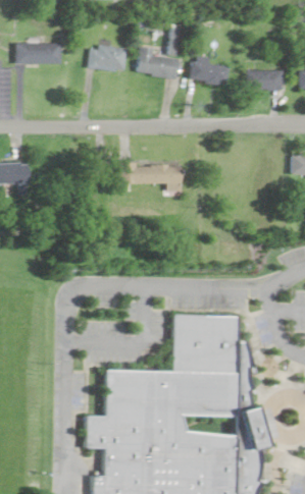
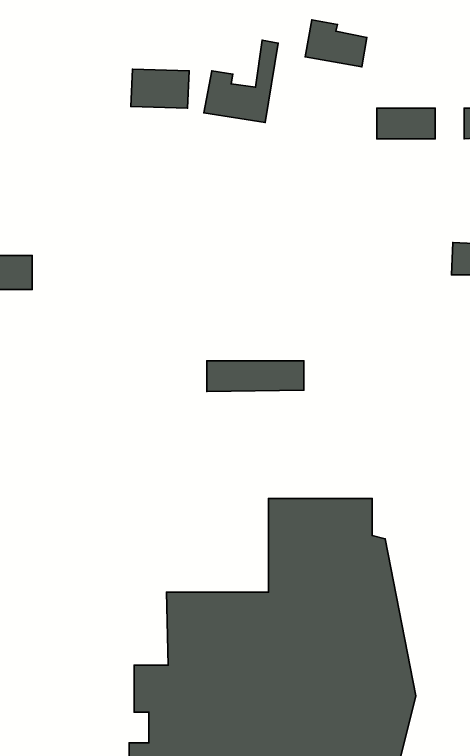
building: [14,44,60,64] -> none
building: [190,56,228,86] -> [305,20,367,67]
building: [119,164,181,183] -> [207,361,304,392]

